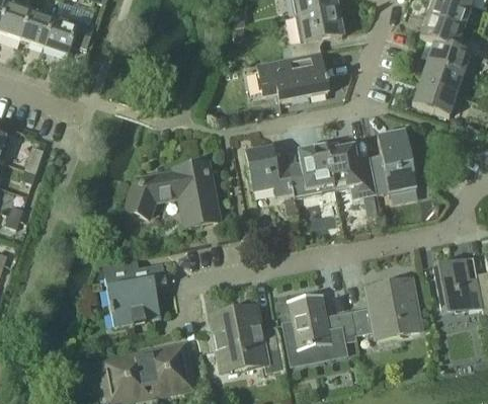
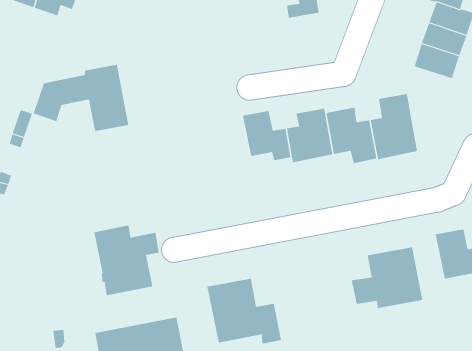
building: [257,52,329,101] -> none
building: [126,161,219,226] -> [33,64,129,131]
building: [281,295,356,357] -> none

